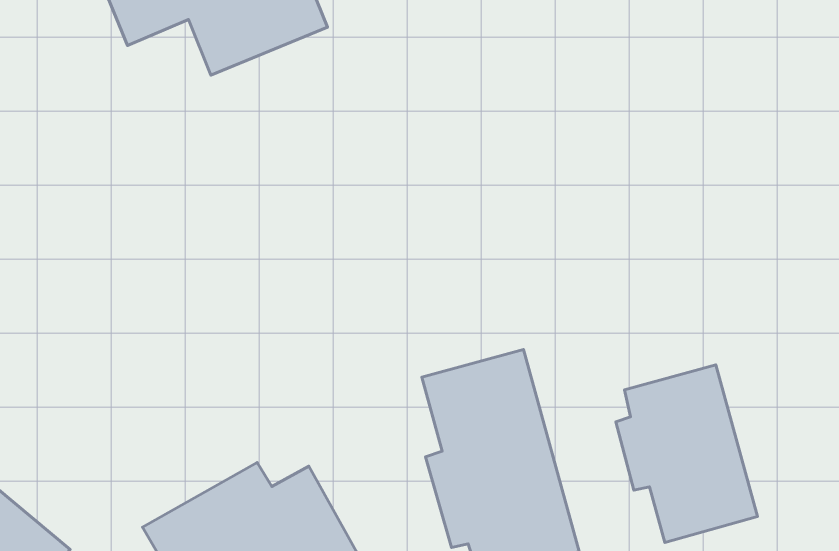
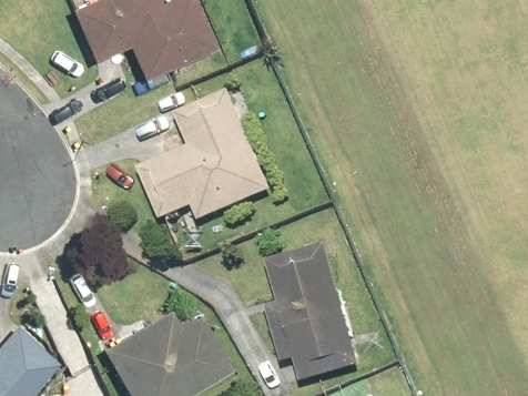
building: none -> [139,91,273,222]
building: [616,365,758,542] -> none

